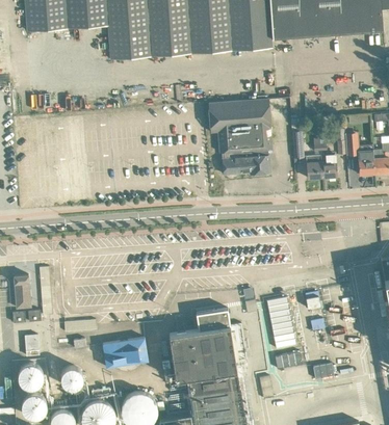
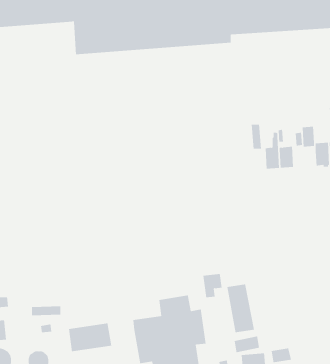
building: [209,98,290,176] -> none

